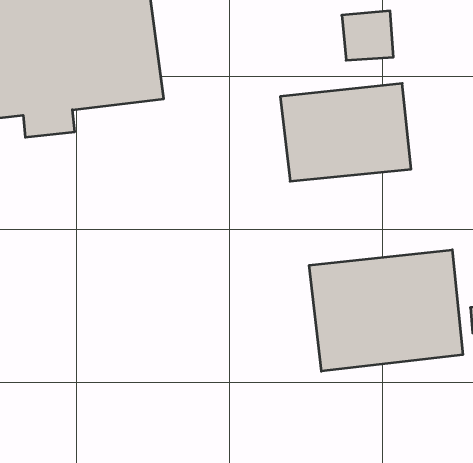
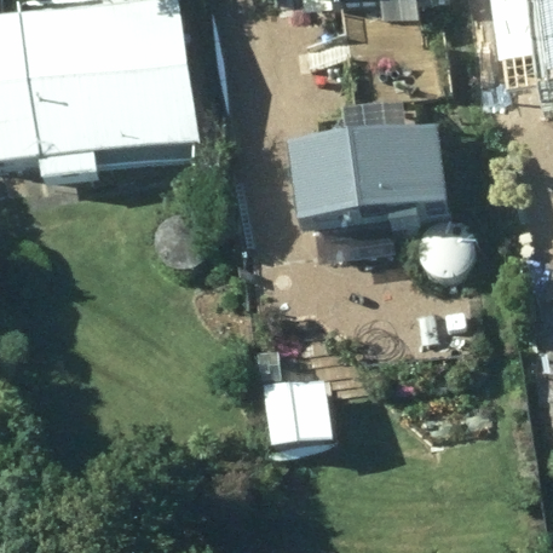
building: [309,250,463,371] -> none

